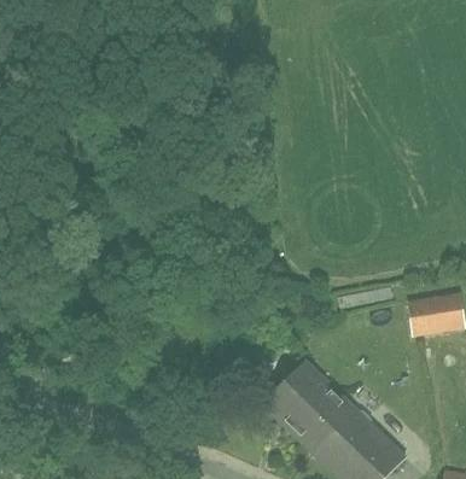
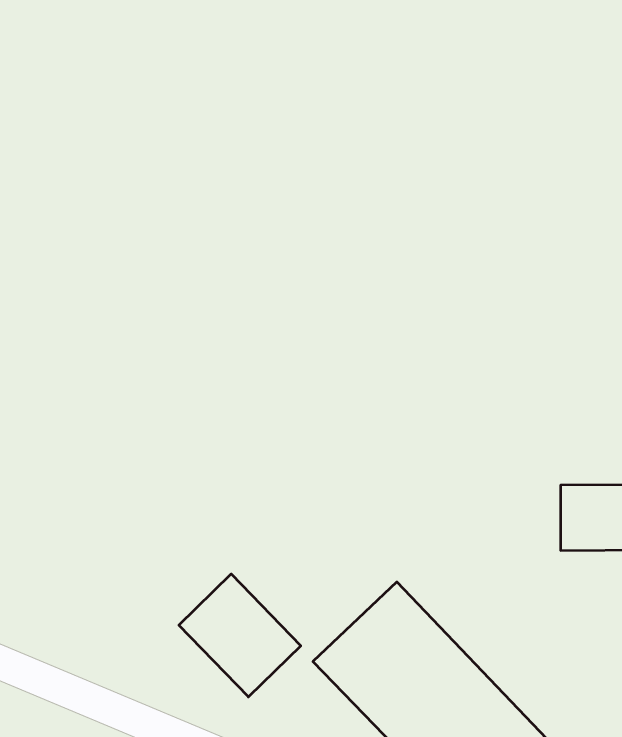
building: none -> [179,574,301,697]

